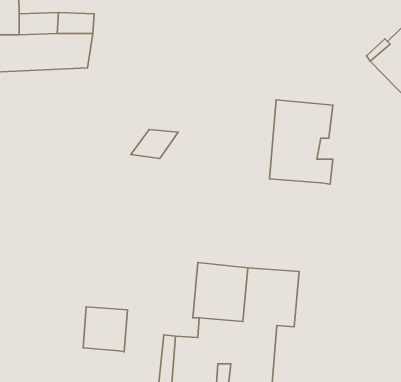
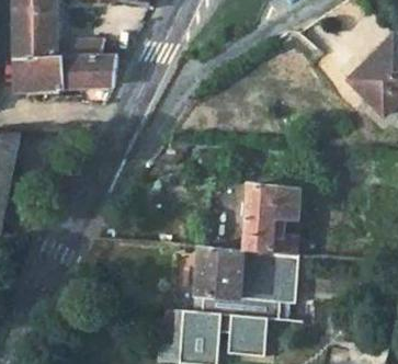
building: [270,100,333,184] -> [243,187,296,258]
building: [83,307,128,352] -> none

